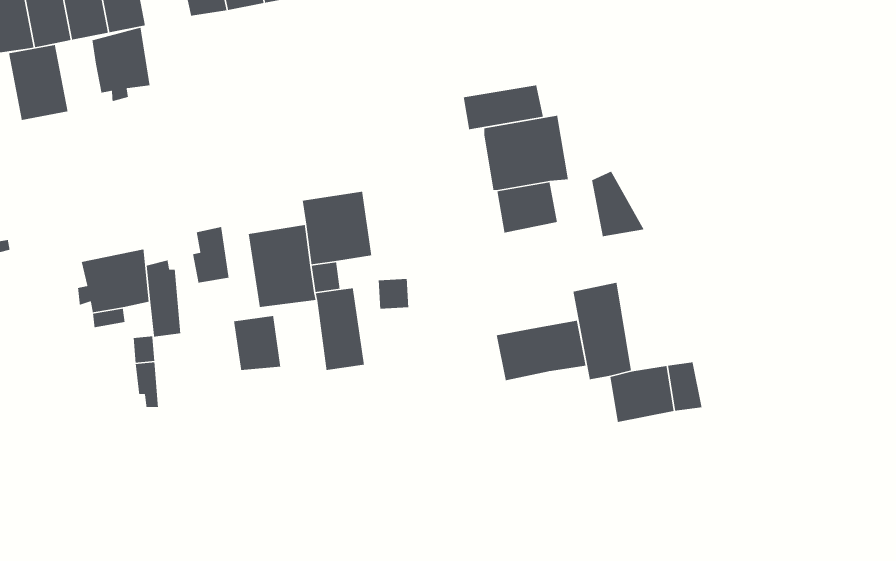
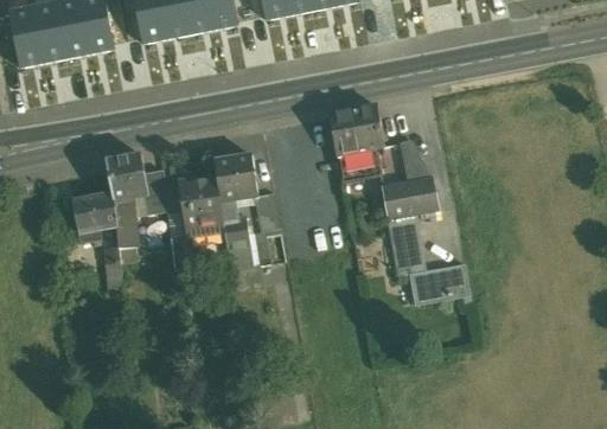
building: [92,27,151,102] -> none
building: [8,44,68,121] -> none
building: [463,84,544,130] -> none
building: none -> [107,152,148,200]
building: [496,320,587,381] -> [381,178,439,217]

